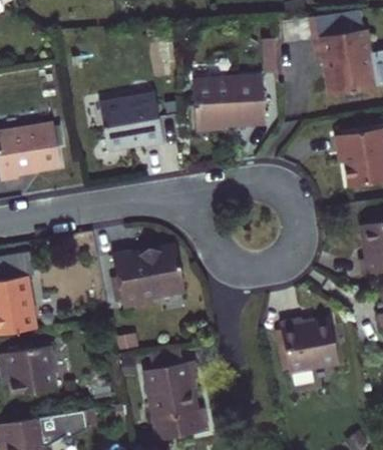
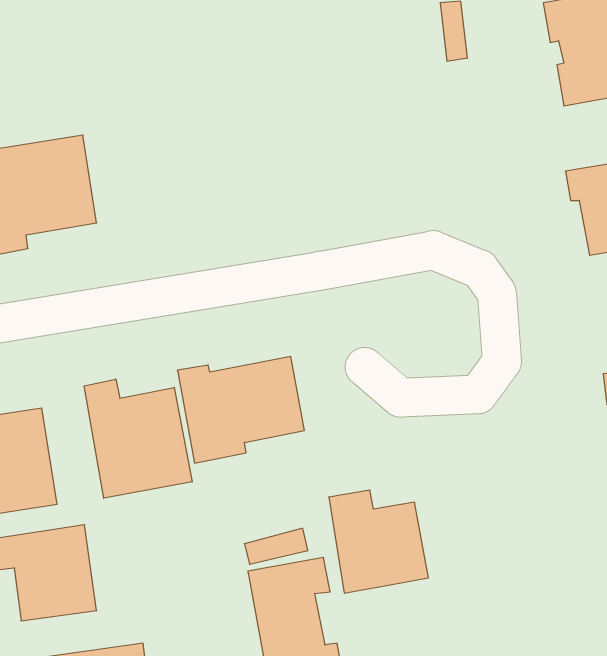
building: [192,72,265,123] -> none
building: [102,92,165,145] -> none
building: none -> [84,379,192,498]
building: [278,318,336,378] -> [329,490,428,593]

